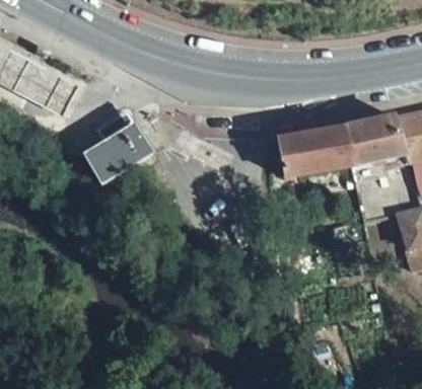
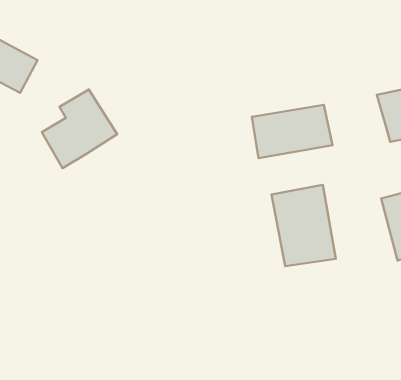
building: [345,115,405,164] -> none
building: none -> [272,185,336,266]

